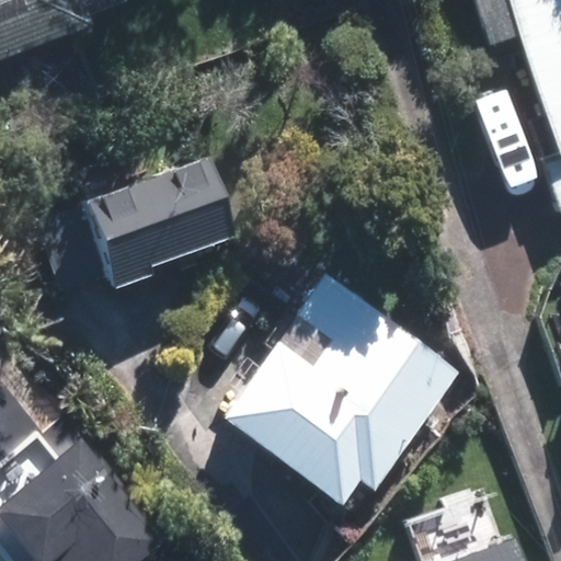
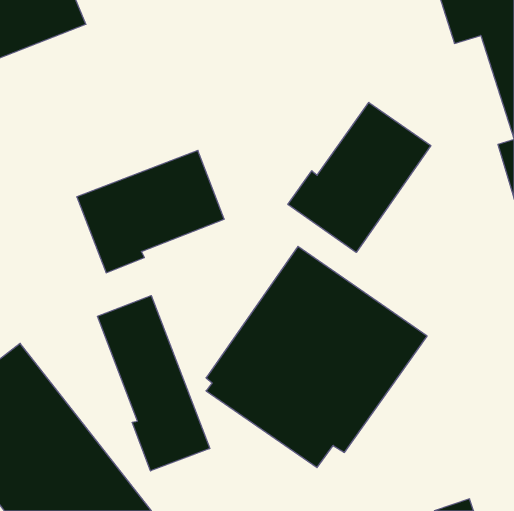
building: none -> [288,102,431,252]
building: none -> [98,296,210,471]

